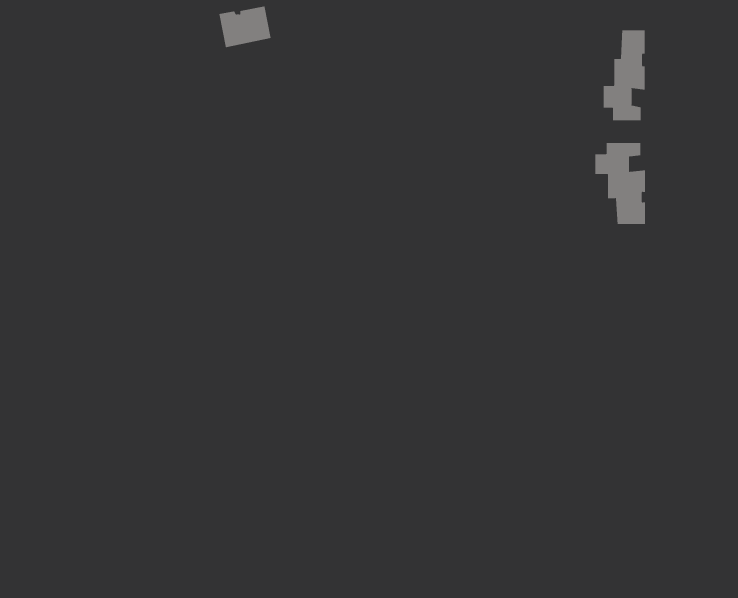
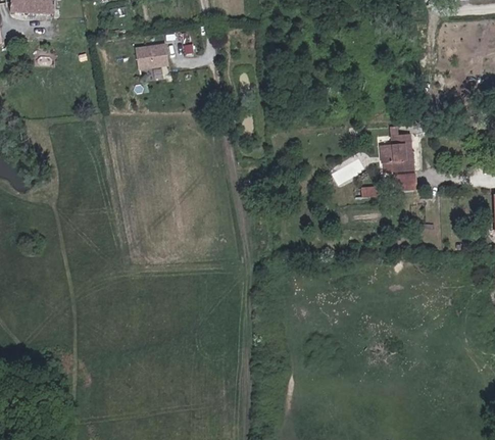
building: [603,30,645,121] -> none

